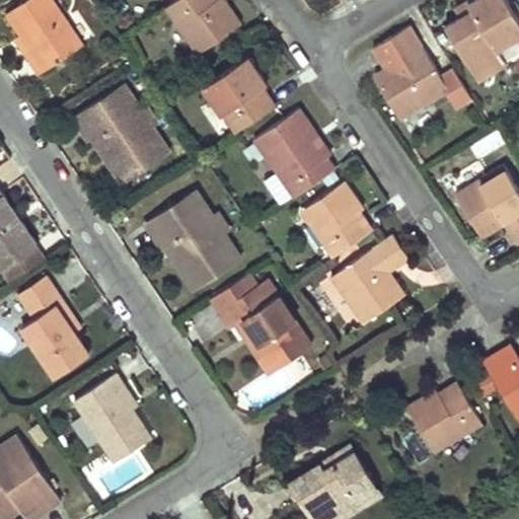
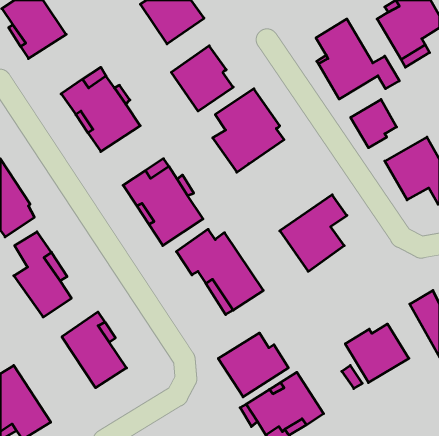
building: none -> [351,99,397,148]
building: [303,181,372,257] -> none
building: none -> [218,333,288,397]

